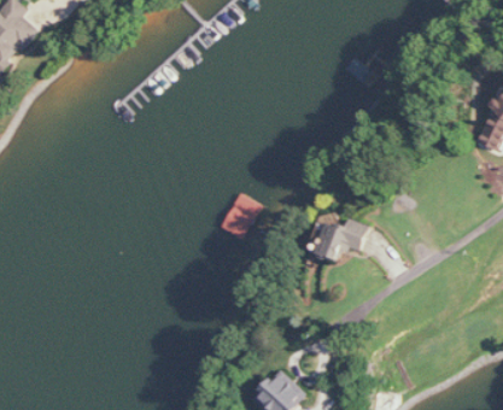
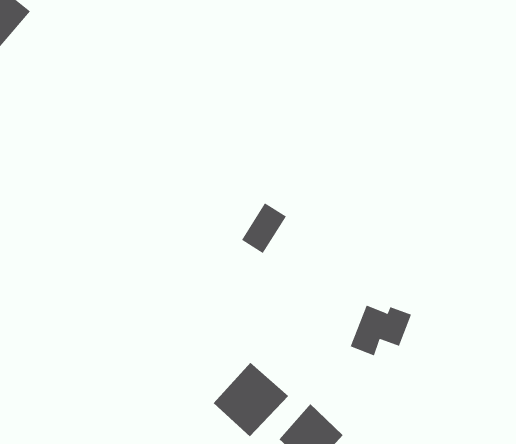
building: [312,217,367,262] -> [350,305,412,356]
building: none -> [213,362,289,437]

